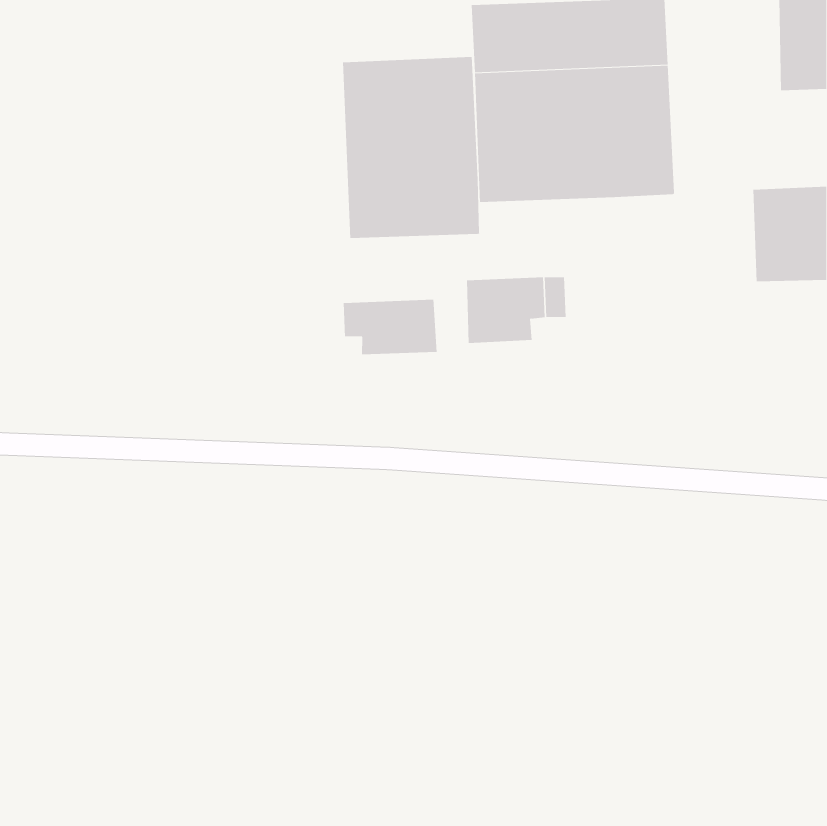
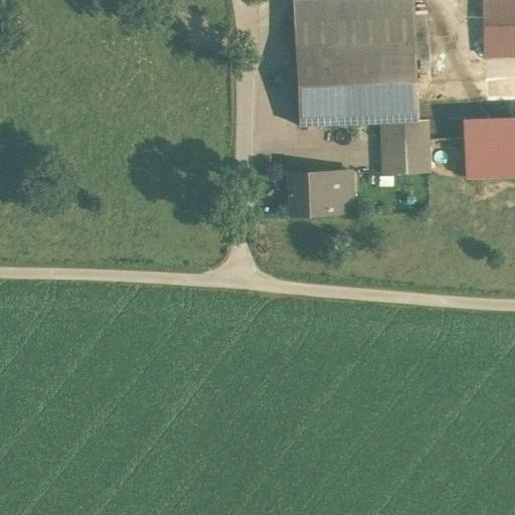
building: [343,56,480,239] -> none
building: none -> [382,119,428,172]
building: [343,299,437,355] -> none

